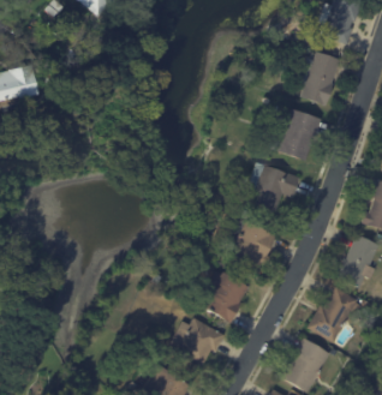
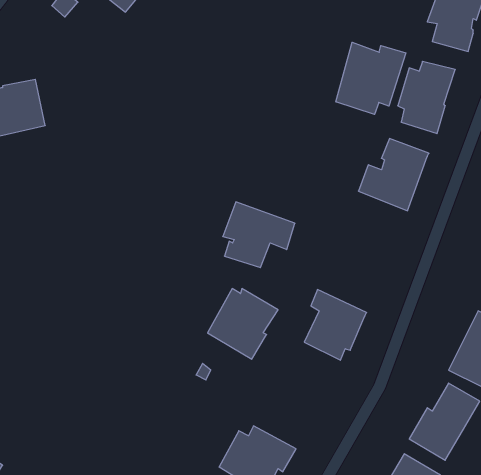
building: none -> [336,42,406,114]
building: [249,161,302,209] -> [223,202,295,268]
building: [198,270,250,322] -> [208,289,278,359]

